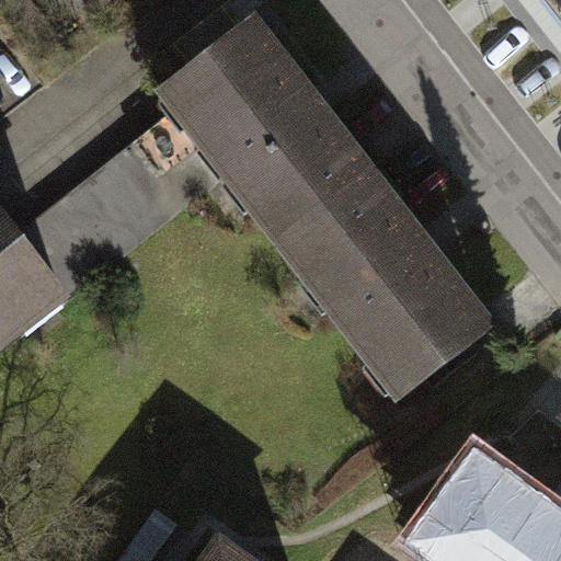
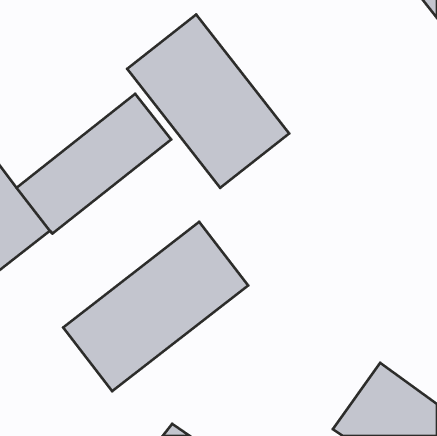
building: [280,170,489,392] -> none
building: none -> [63,222,248,391]

